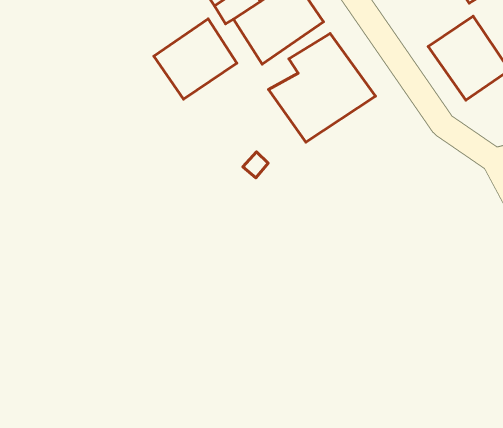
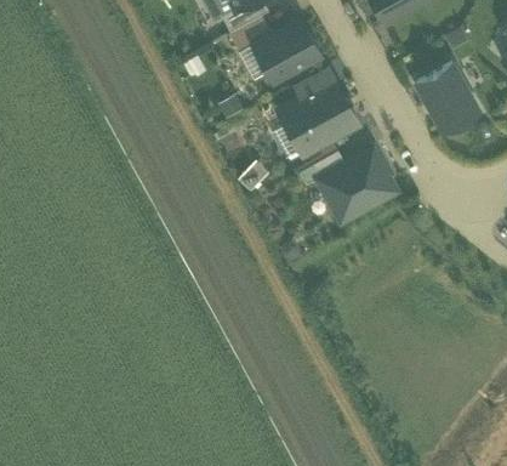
building: [154,19,237,99] -> none
building: none -> [313,144,401,226]

